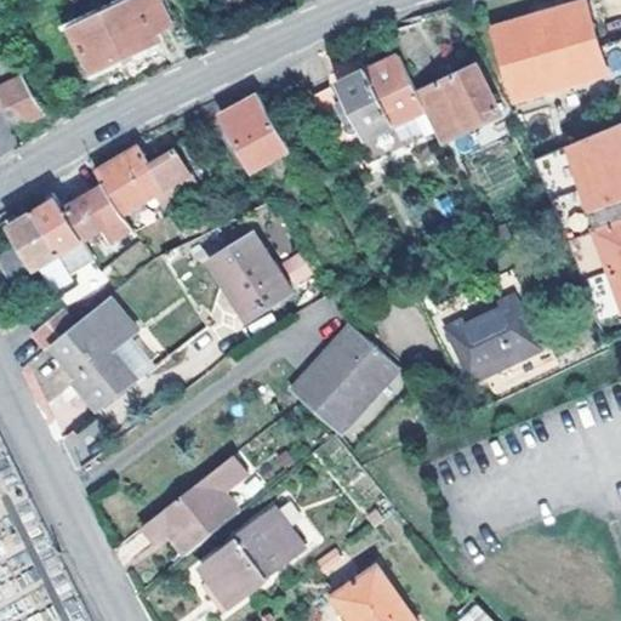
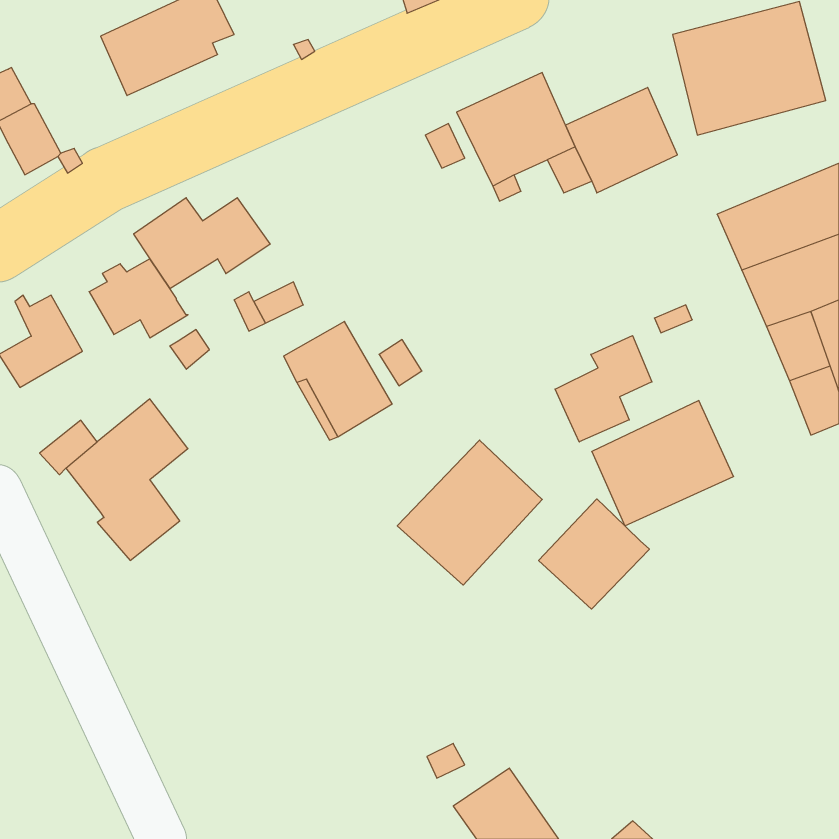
building: [222,99,289,172] -> none
building: [38,196,95,278] -> none
building: none -> [555,336,652,442]
building: none -> [539,499,649,609]
building: [139,455,241,552] -> none
building: [201,506,304,613] -> none

